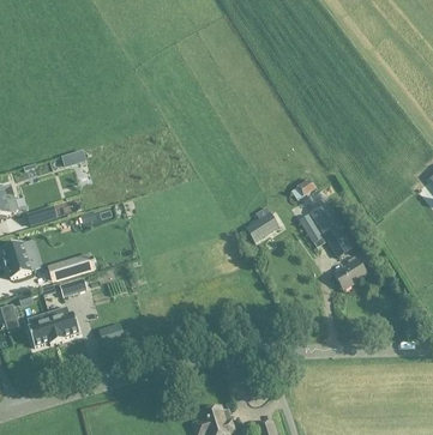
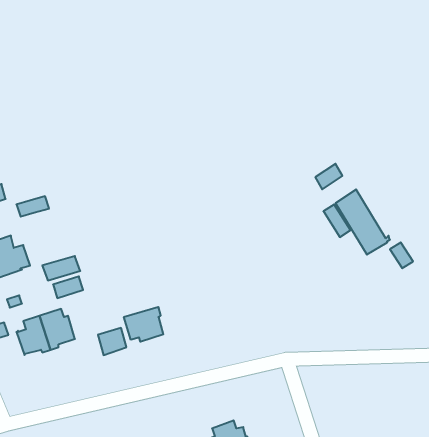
building: [245,206,278,242] -> none
building: [332,259,366,289] -> none
building: none -> [124,307,163,342]

